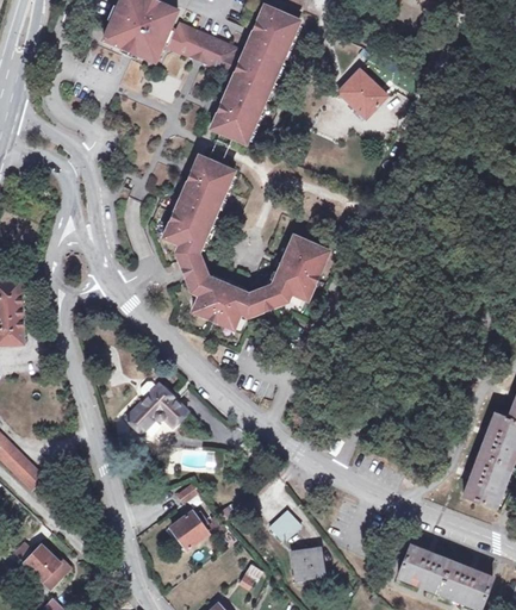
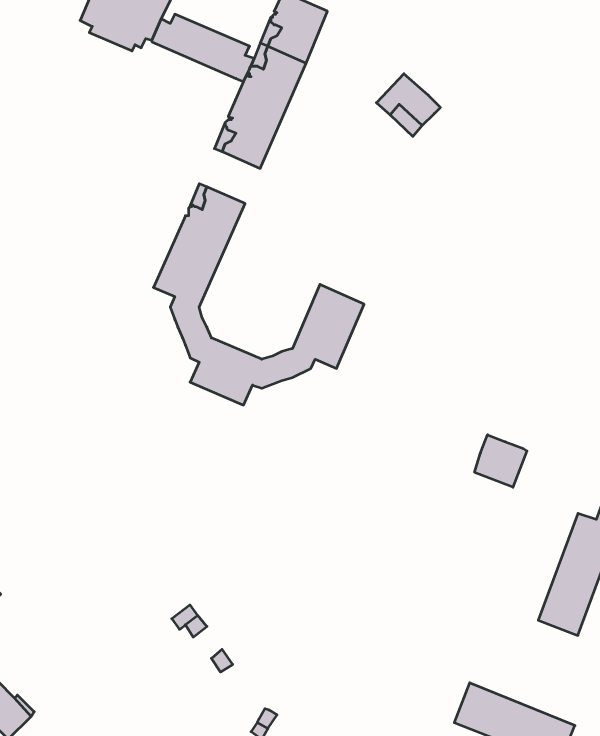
building: none -> [475,435,527,487]
building: [125,384,187,432] -> none
building: [269,510,301,542] -> none
building: [170,511,207,548] -> none
building: [292,547,323,575] -> none

